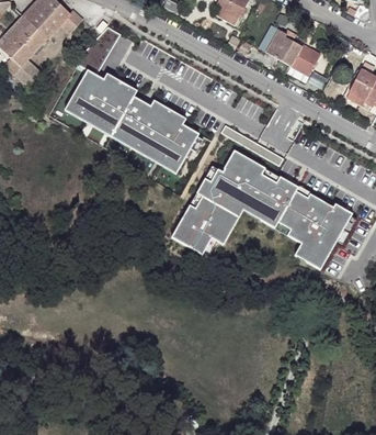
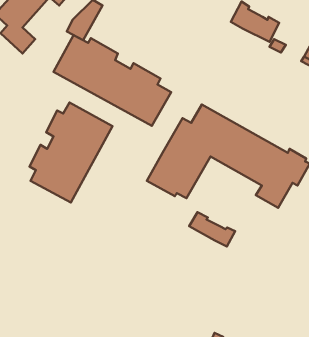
building: none -> [29,103,113,202]
building: none -> [189,212,235,246]

